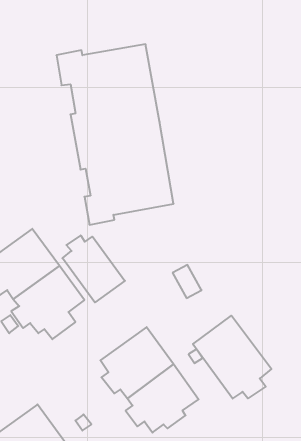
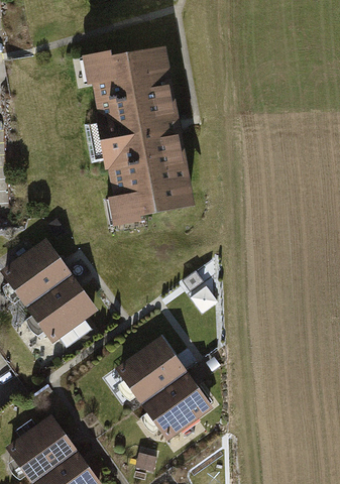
building: [62,235,125,302] -> none
building: [193,316,271,399] -> none

